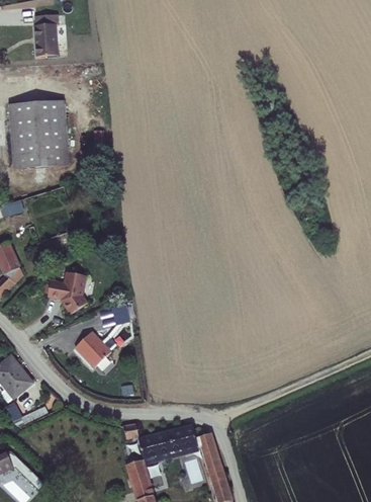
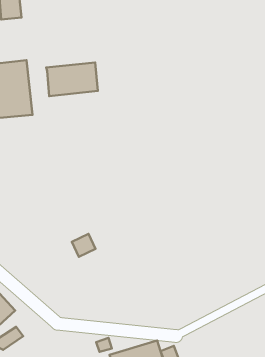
building: none -> [46,63,98,96]
building: [49,274,88,314] -> none
building: [77,331,112,366] -> none

